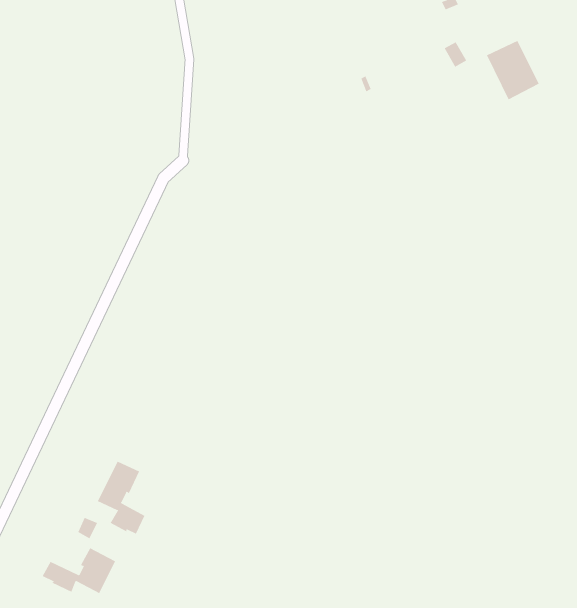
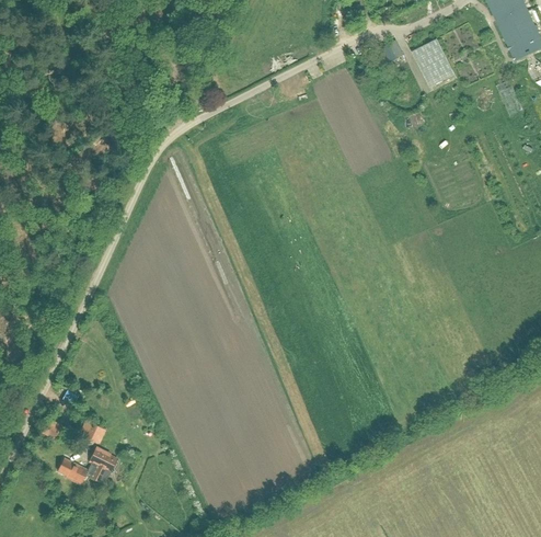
building: [97,461,145,535] -> none

